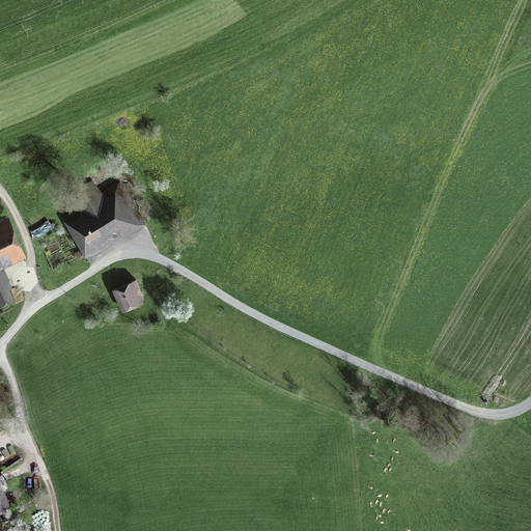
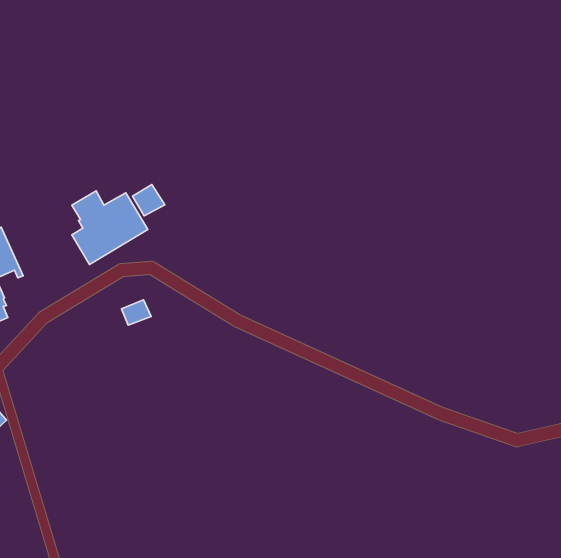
building: none -> [132,184,165,216]

